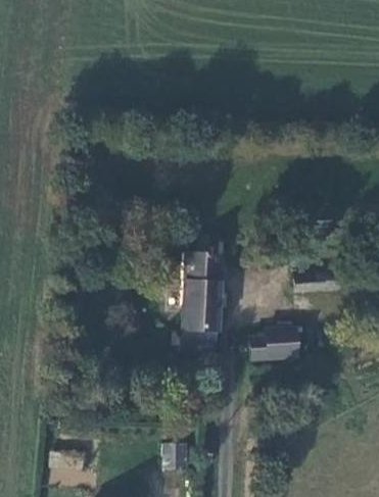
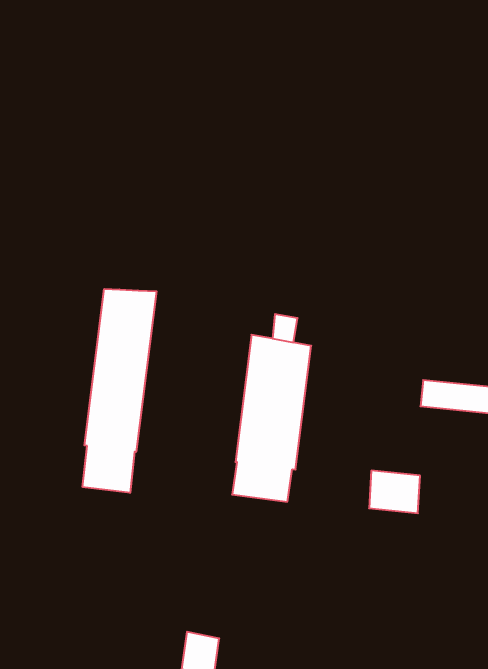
building: none -> [83,289,157,493]

